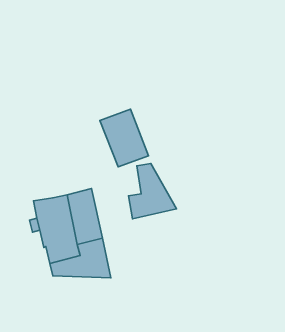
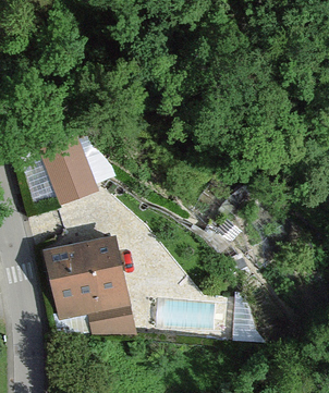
building: [100,109,149,167] -> [40,137,93,199]
building: [128,163,176,219] -> none

